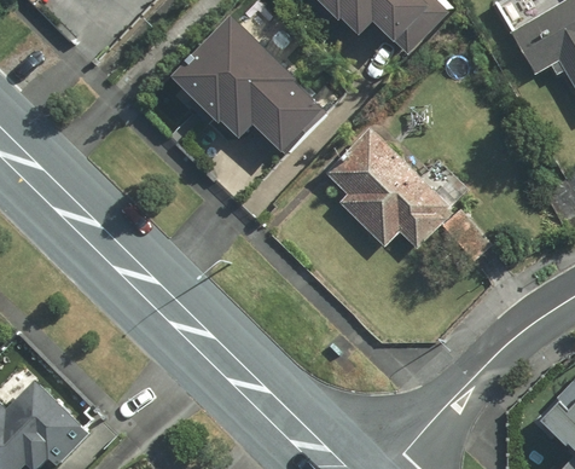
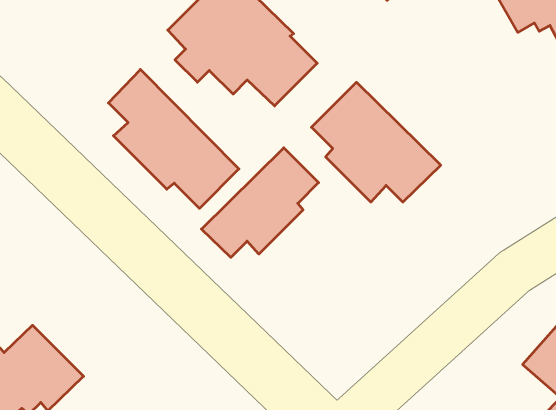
building: none -> [108,69,239,208]
building: none -> [201,148,319,257]

